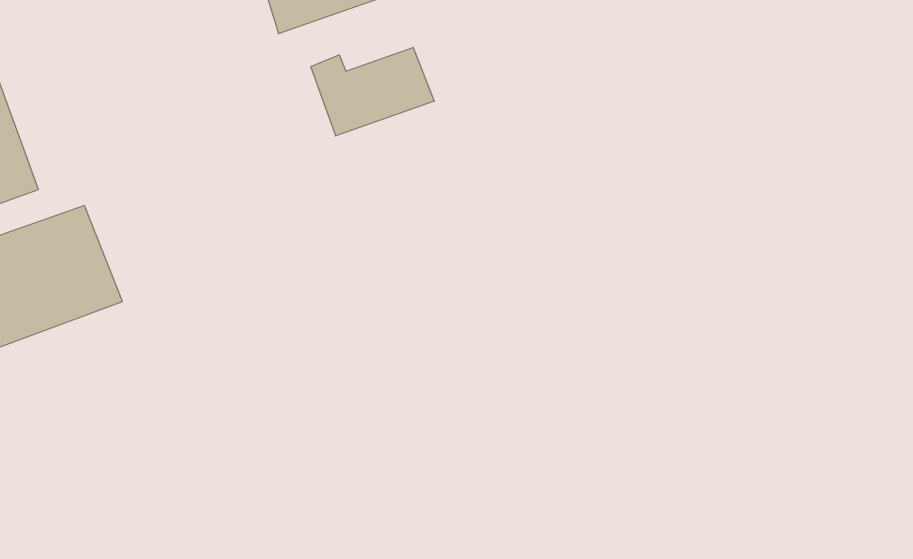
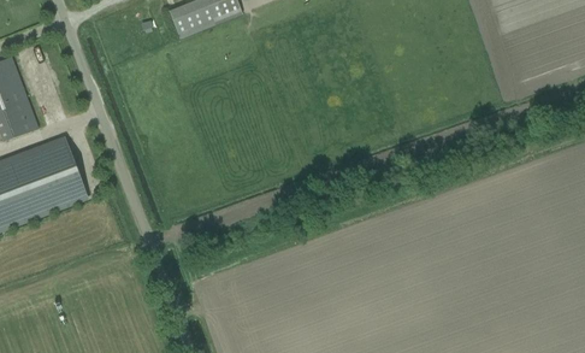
building: [311,47,434,136] -> none

